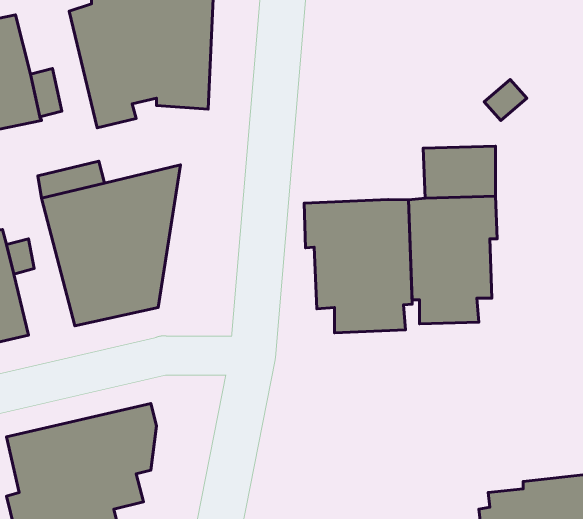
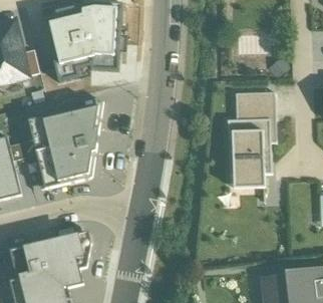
building: [304,199,412,333] -> none

